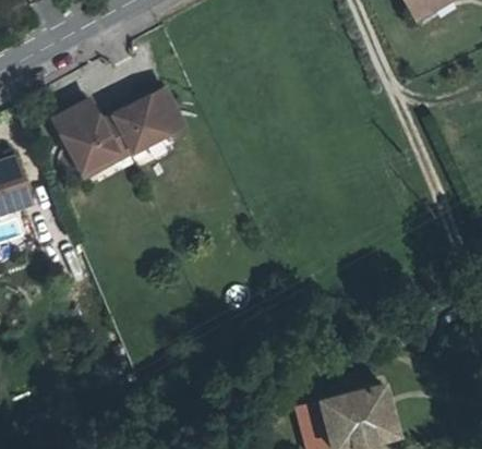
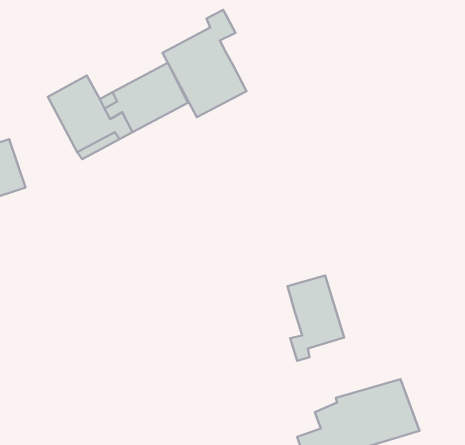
building: none -> [163,10,246,117]
building: none -> [288,275,344,361]

